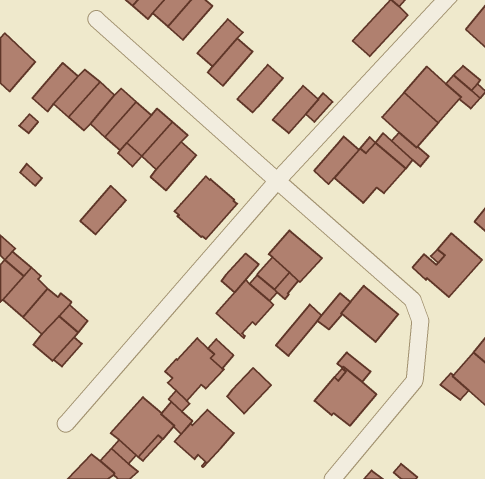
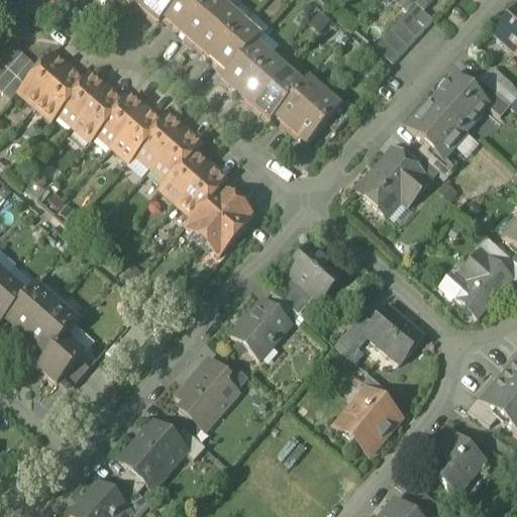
building: none -> [196,6,243,57]
building: none -> [19,53,69,104]
building: none -> [238,55,286,105]
building: [314,136,359,184] -> [276,77,323,127]
building: [80,186,126,234] -> [178,165,226,216]
building: [221,254,259,292] -> none
building: [276,304,321,356] -> none
building: [227,368,271,414] -> none
building: none -> [425,431,484,490]
building: [175,410,234,467] -> none

